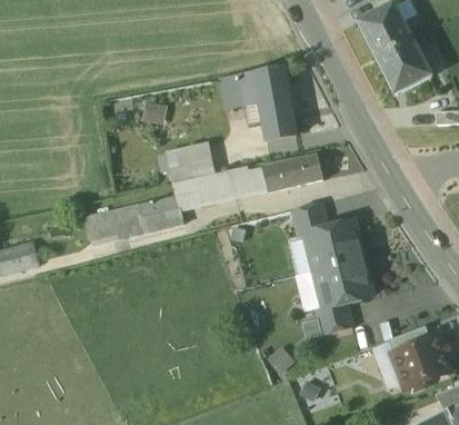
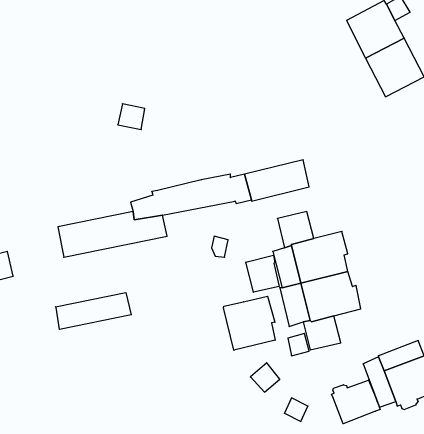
building: [220,69,296,139] -> none
building: [171,142,220,182] -> none
building: none -> [246,255,279,292]
building: none -> [56,293,131,329]
building: none -> [224,296,275,350]
building: none -> [331,380,380,424]

